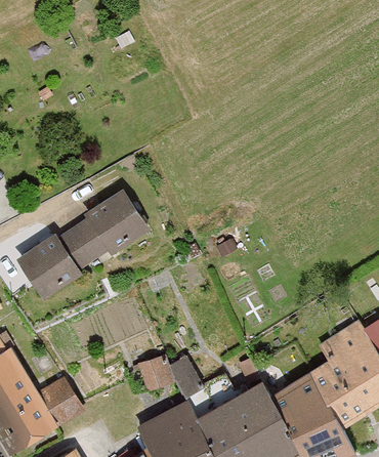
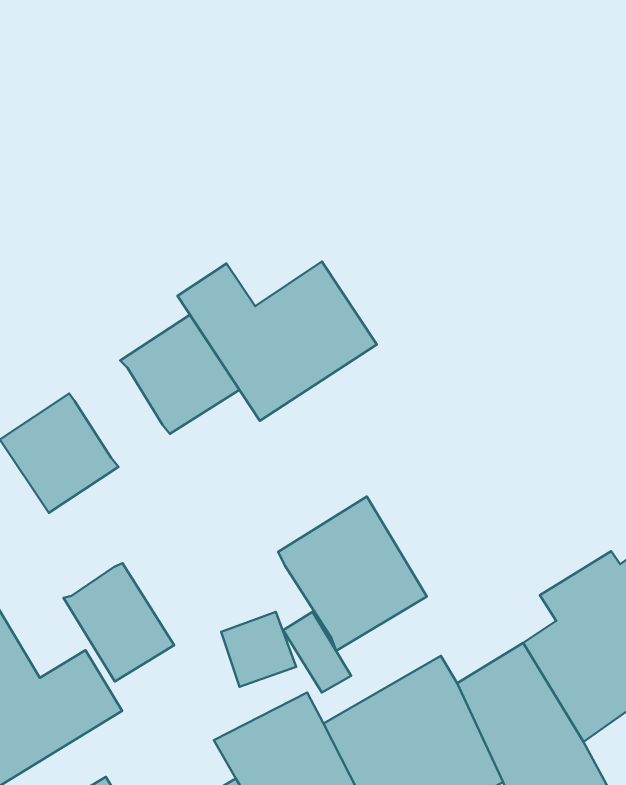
building: none -> [178,262,377,421]
building: [57,219,107,269] -> none
building: none -> [278,496,427,651]
building: none -> [64,563,174,682]

